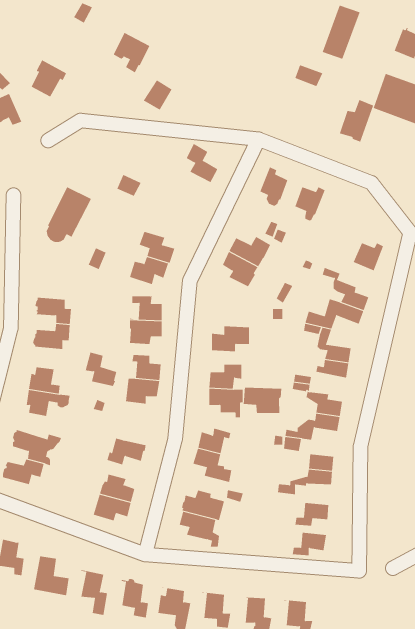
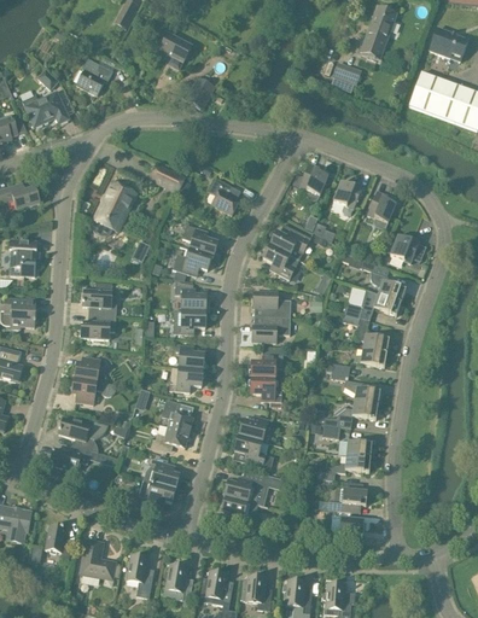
building: [339,99,374,143] -> none
building: [186,143,218,183] -> [208,176,239,215]
building: none -> [367,190,396,228]
building: none -> [253,290,291,317]
building: [85,352,117,387] -> [162,398,193,432]
building: [243,387,282,414] -> none

